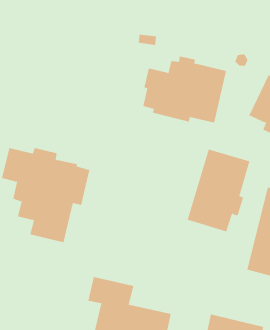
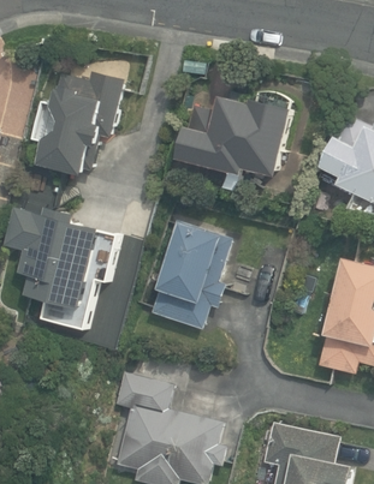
building: none -> [30,72,124,178]
building: [187,149,250,232] -> [150,222,232,329]

